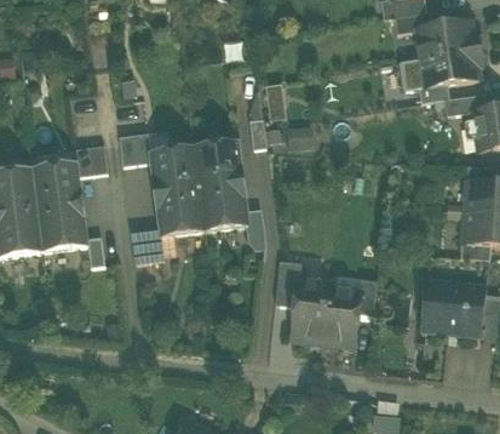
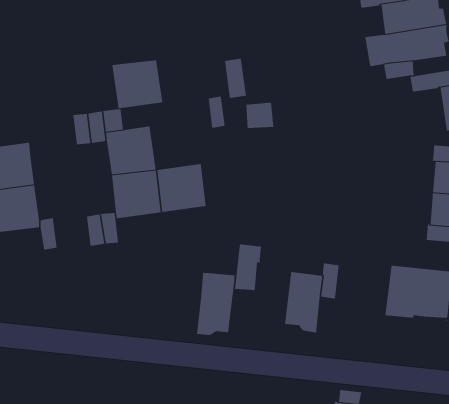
building: [194,142,243,189] -> [112,60,163,109]
building: [75,144,108,176] -> none
building: [292,279,329,341] -> [196,271,235,335]

